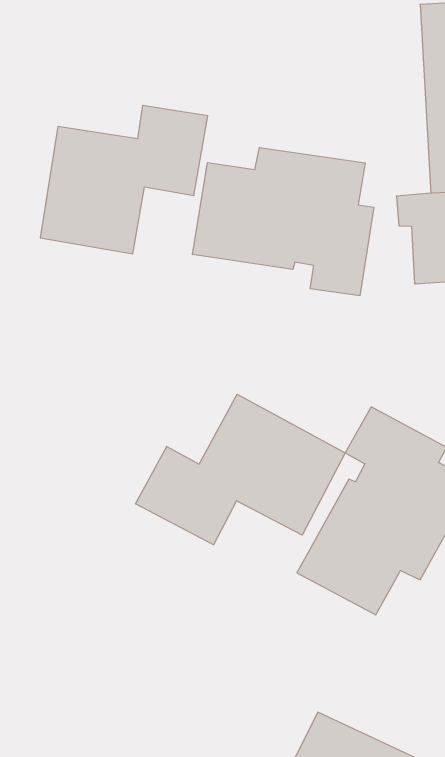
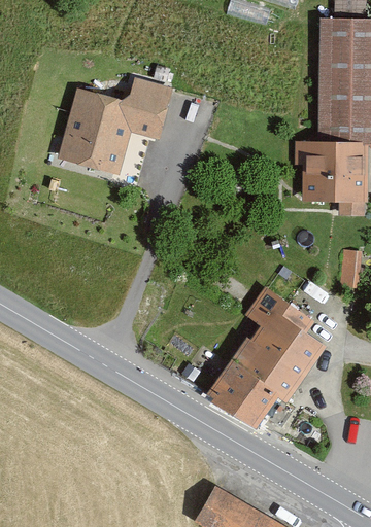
building: [192,147,374,296] -> none
building: [136,394,345,545] -> none

